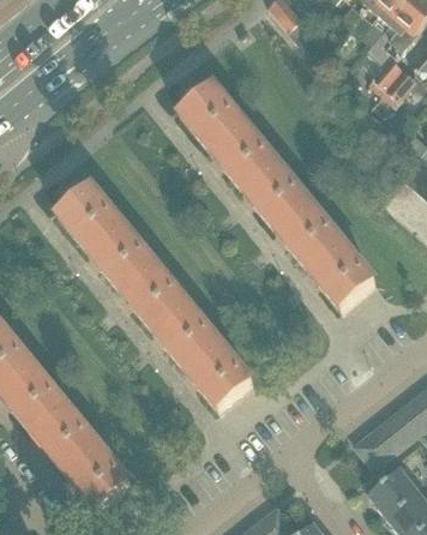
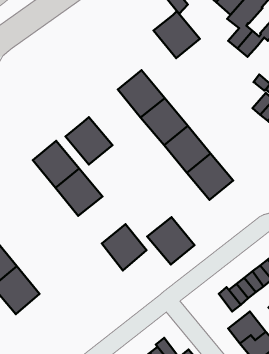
building: [178,84,243,151] -> [153,11,200,58]
building: [55,185,122,252] -> [65,117,113,164]
building: [154,303,221,371] -> [147,217,194,264]
building: [65,443,130,510] -> none

